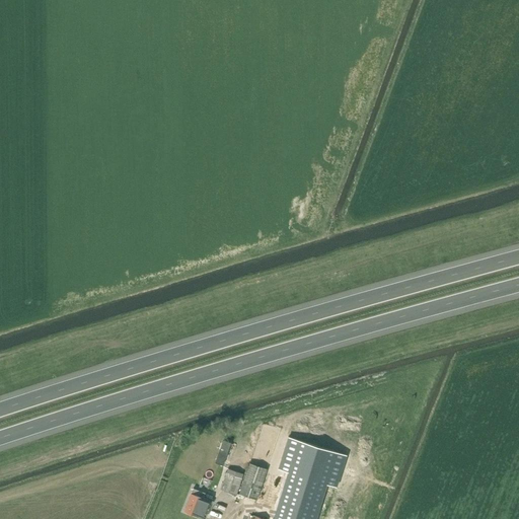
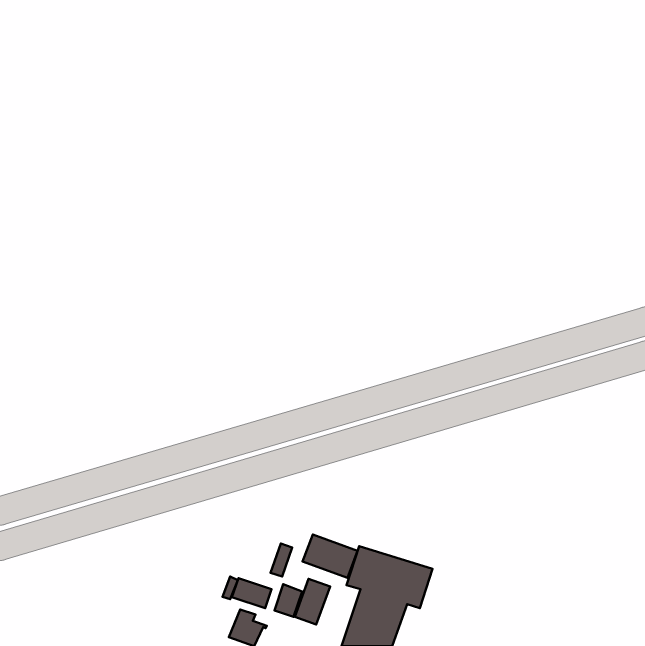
building: none -> [303,534,358,578]
building: none -> [232,578,272,608]

